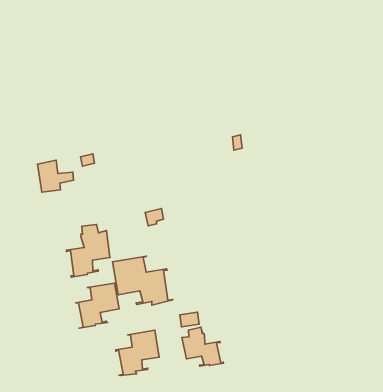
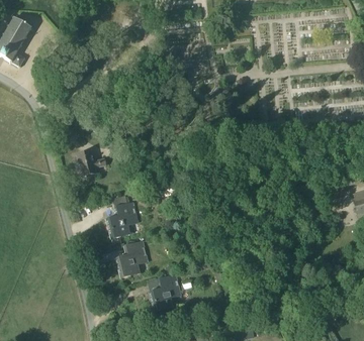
building: [112,256,173,305] -> none
building: [182,327,223,366] -> none

